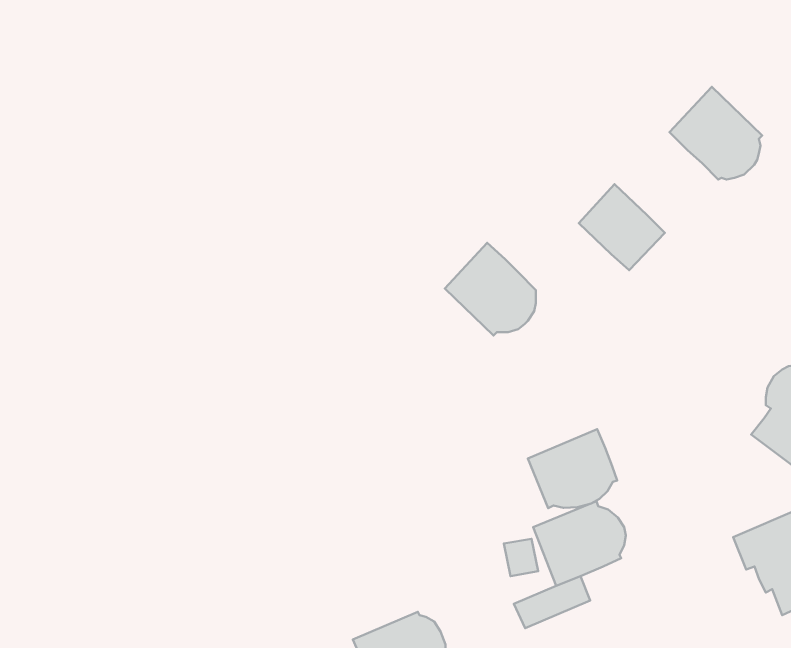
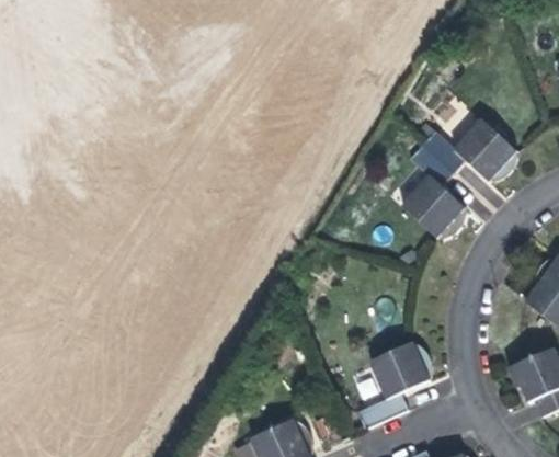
building: [669,87,762,179] -> [449,118,512,181]
building: [445,243,536,336] -> [397,175,458,238]
building: [528,429,617,508] -> none

